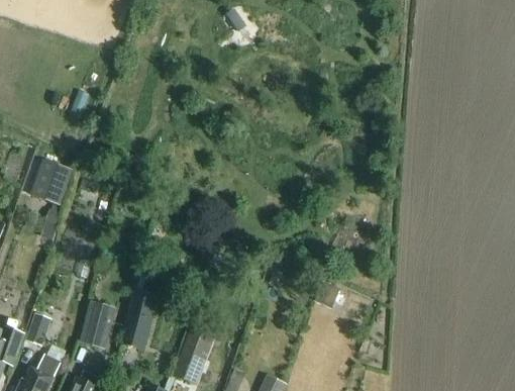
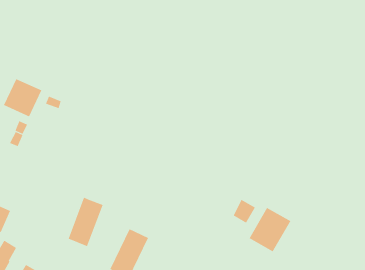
building: none -> [249,207,291,252]
building: [79,301,115,348] -> none

